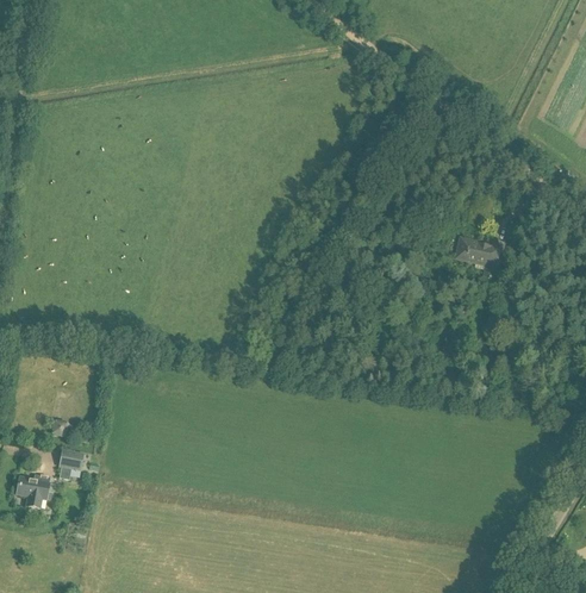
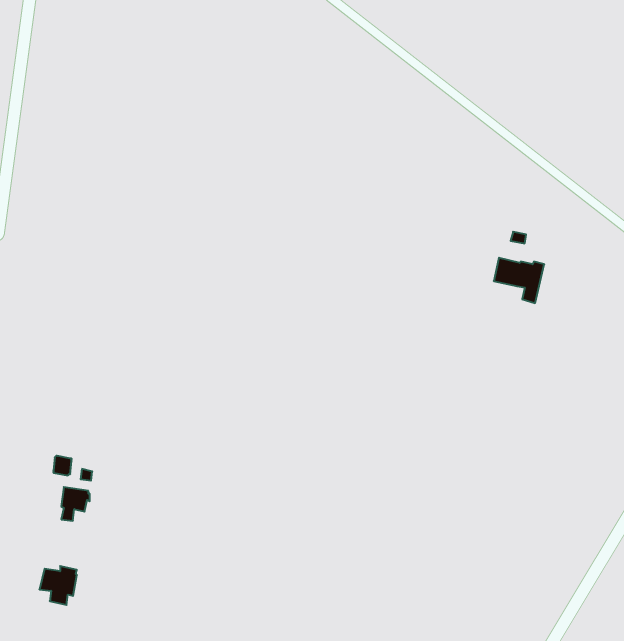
building: [15,473,50,508] -> [39,566,77,605]

